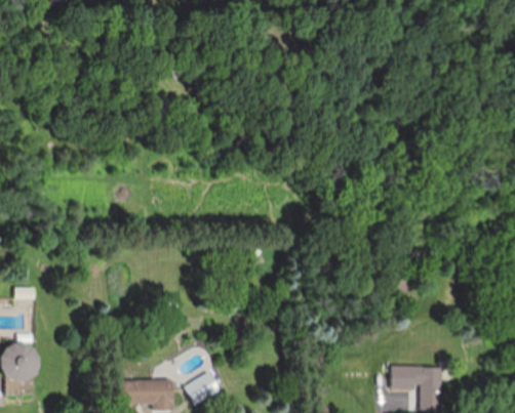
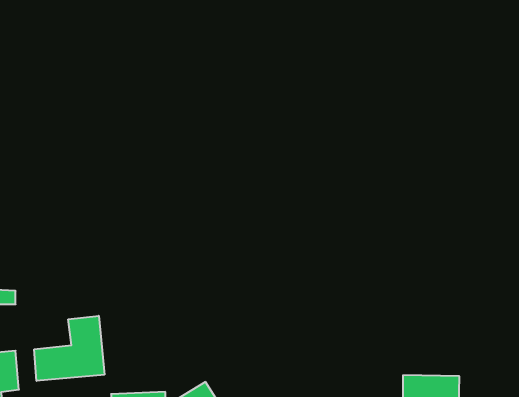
building: none -> [34,316,104,381]

